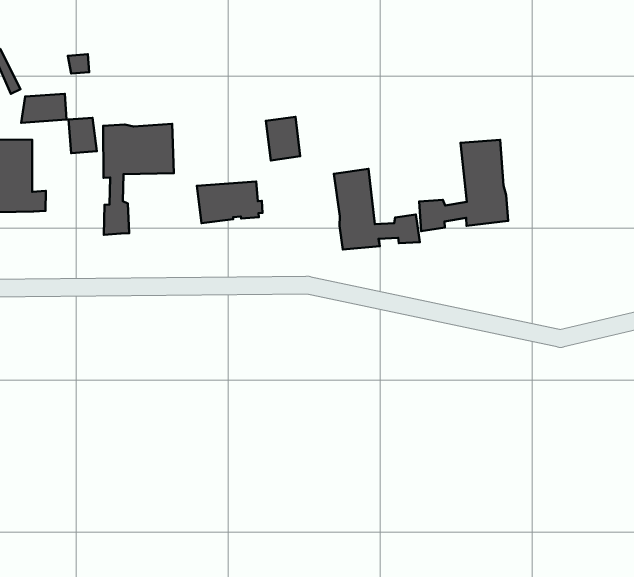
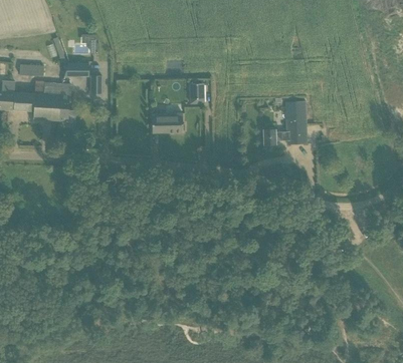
building: [103,124,174,235] -> none
building: [334,169,420,250] -> none

